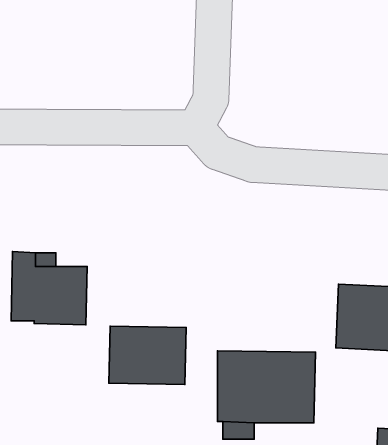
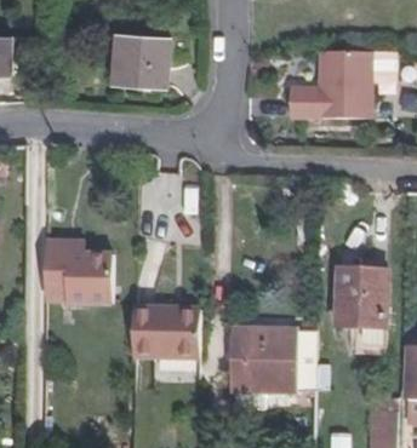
building: none -> [114,35,170,87]
building: none -> [289,51,370,117]

